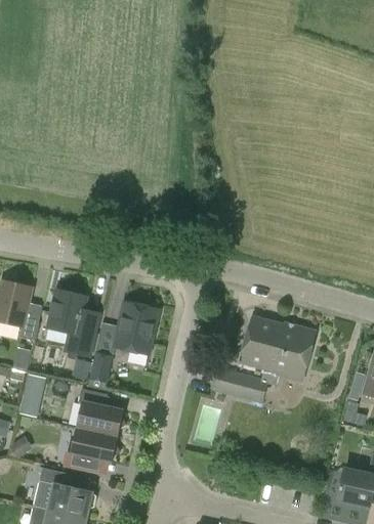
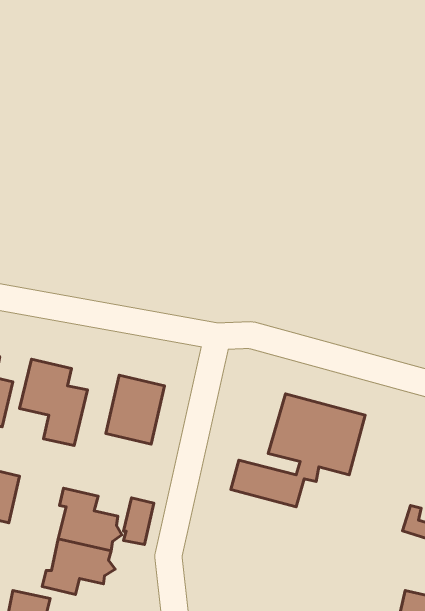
building: [88,353,112,389] -> [123,498,154,544]

